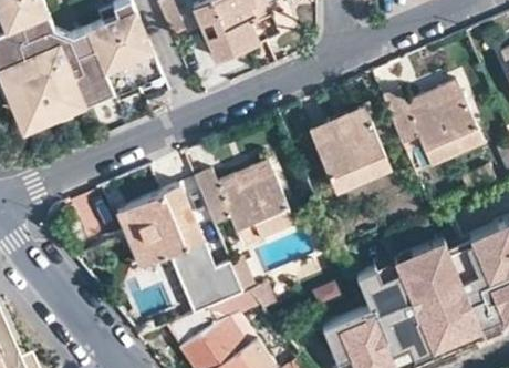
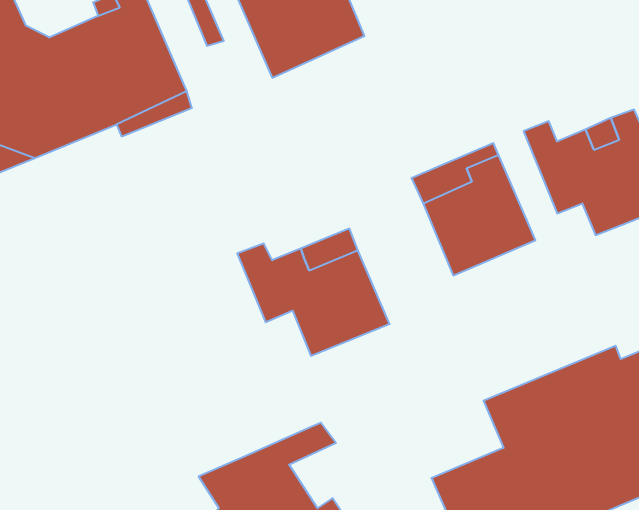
building: [117,184,241,311] -> none

